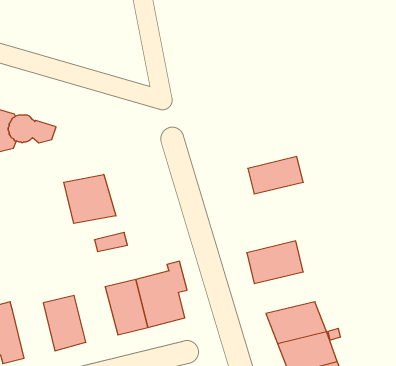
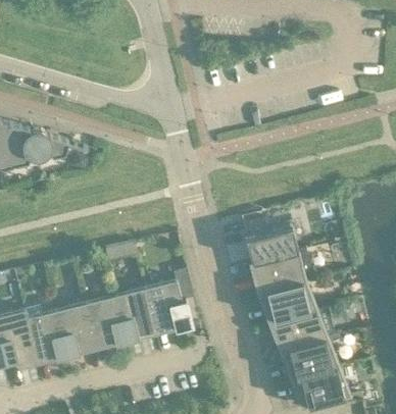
building: [248,157,303,194] -> [244,227,297,263]
building: [64,174,116,223] -> none
building: none -> [257,281,315,321]
building: none -> [85,296,127,349]
building: none -> [26,311,66,364]

